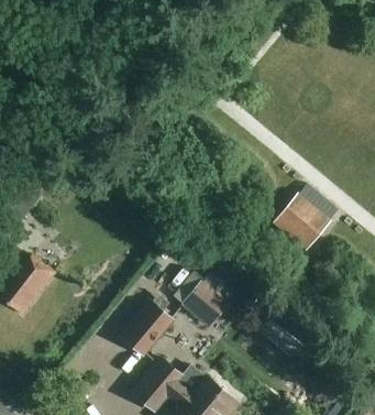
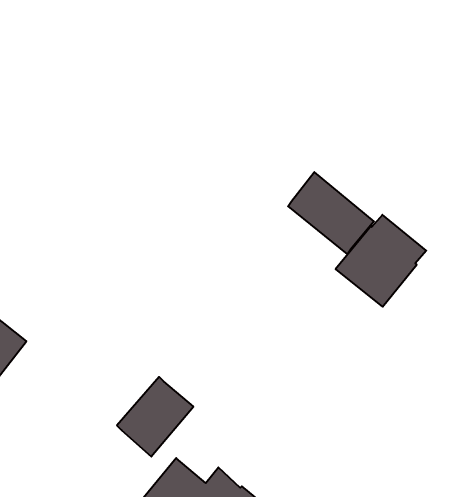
building: none -> [288,172,374,254]
building: [173,271,236,319] -> none

